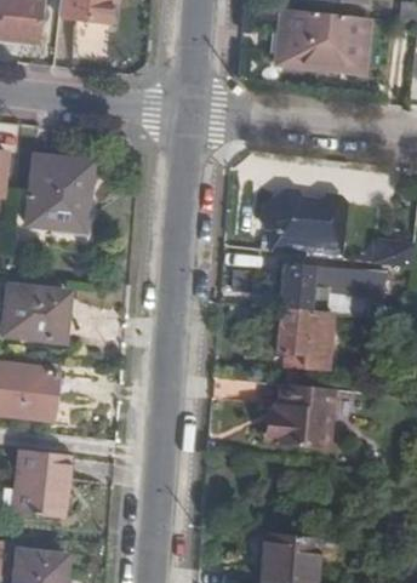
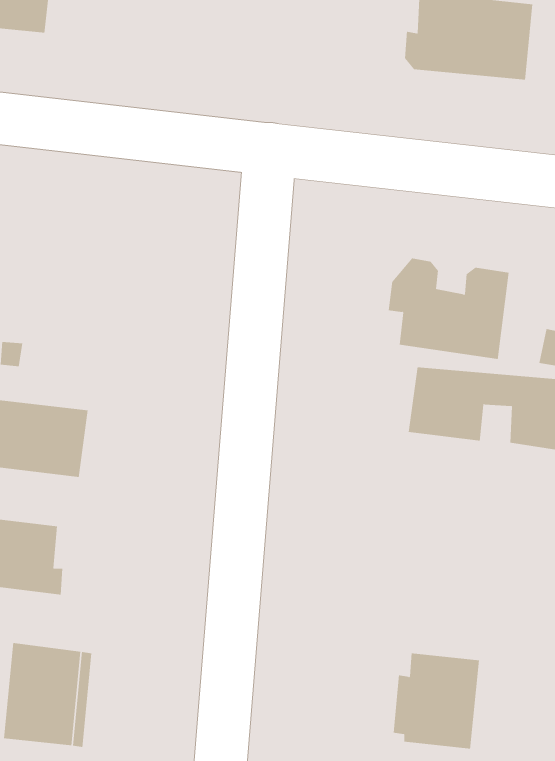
building: [25,155,92,229] -> none
building: [278,307,335,366] -> none
building: [272,384,330,448] -> [393,653,480,749]

